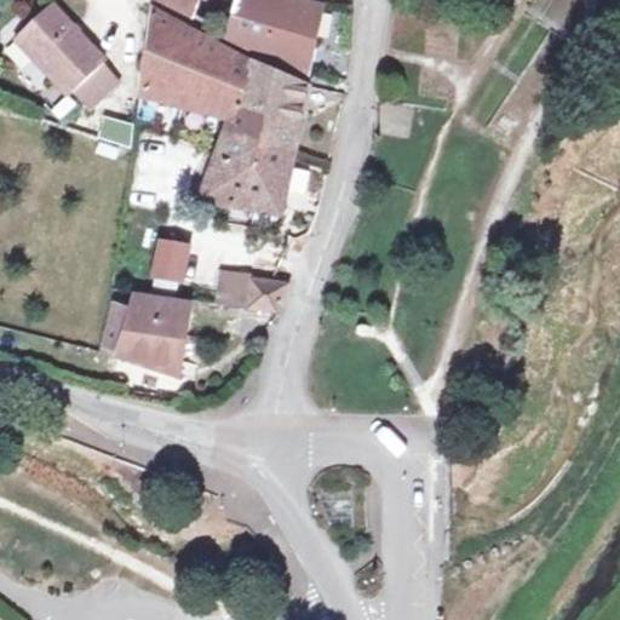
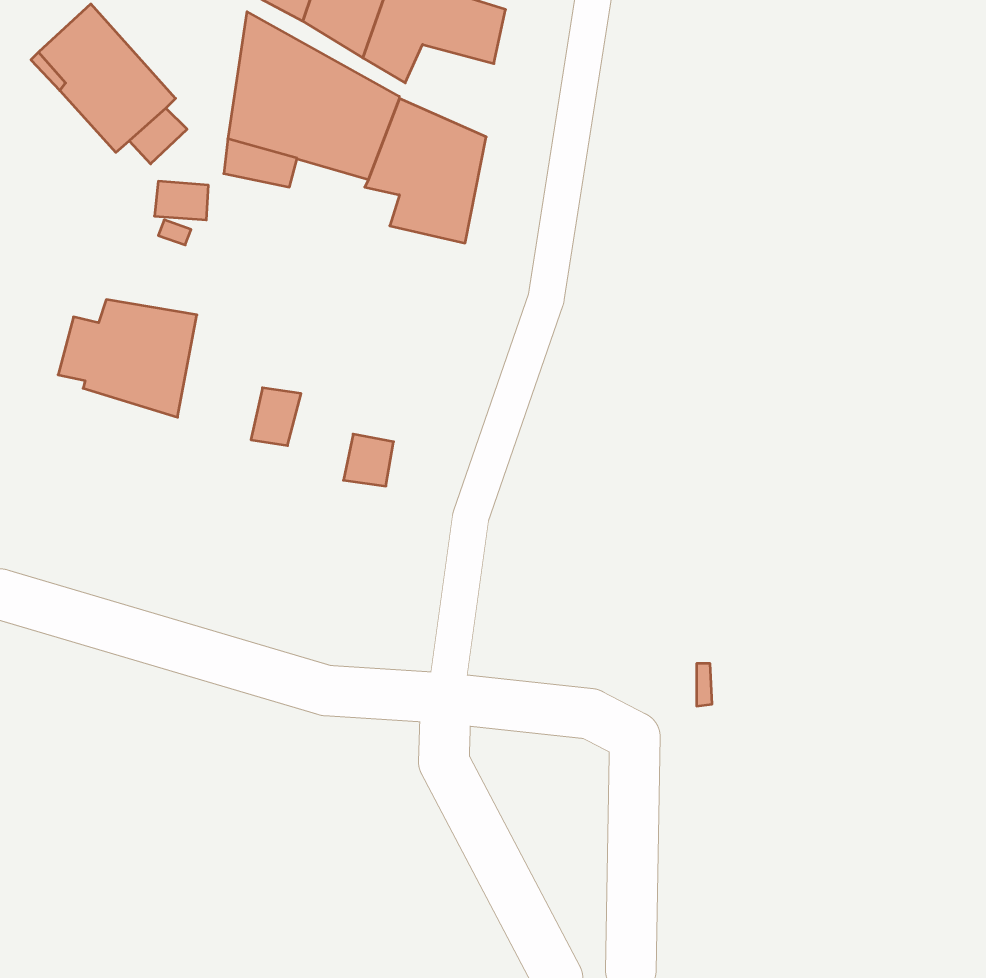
building: [254,28,310,73] -> none
building: [195,117,292,212] -> none
building: [242,275,287,310] -> none
building: [101,295,188,369] -> [58,300,197,417]

